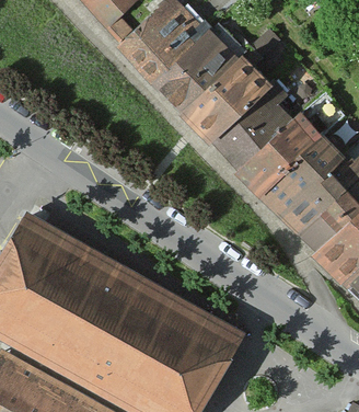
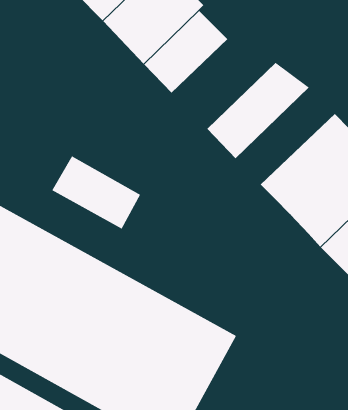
building: [181,49,275,141] -> none
building: [239,104,328,192] -> none
building: none -> [51,155,141,229]

